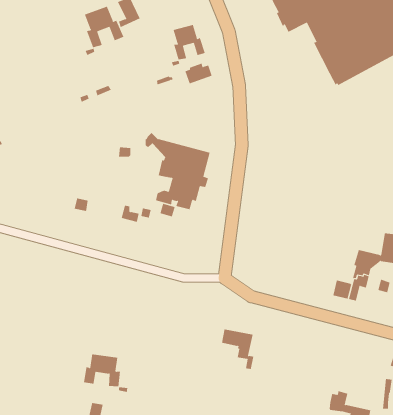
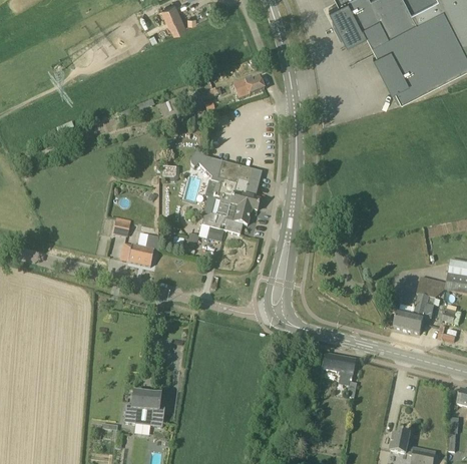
building: [84,6,124,56] -> none
building: [171,24,206,67] -> none
building: none -> [120,235,158,266]
building: [221,329,254,369] -> [321,353,357,397]

